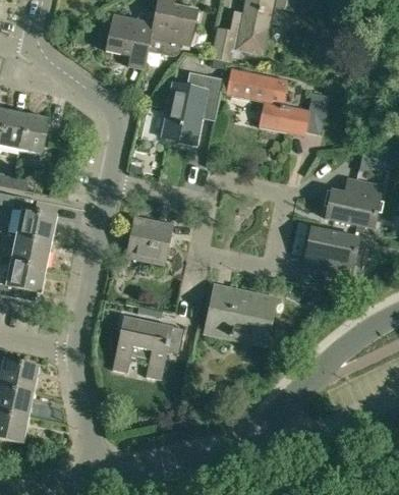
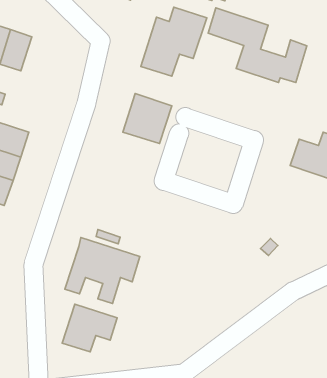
building: [125,216,172,264] -> [123,93,172,144]
building: [304,226,358,278] -> none
building: [204,285,275,341] -> none
building: none -> [62,304,117,352]

